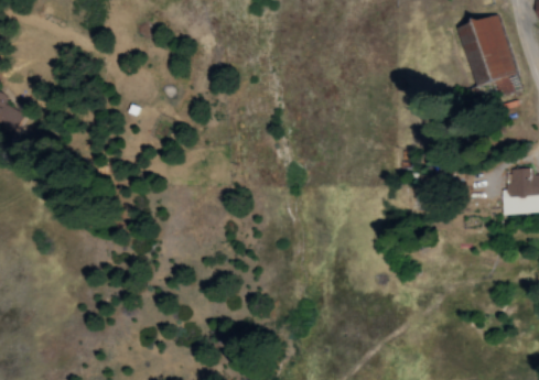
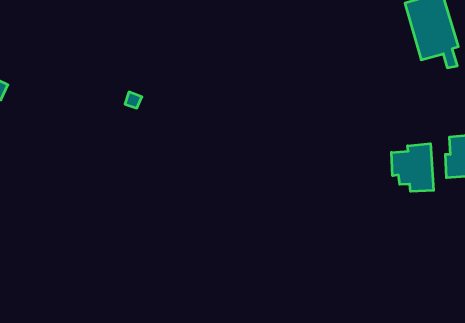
building: none -> [391,144,434,191]

